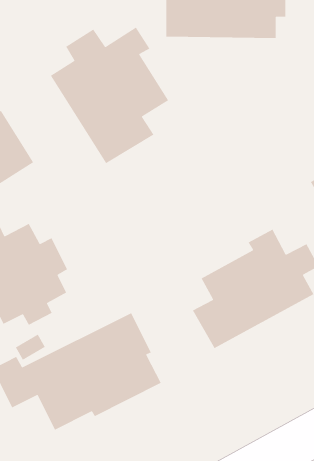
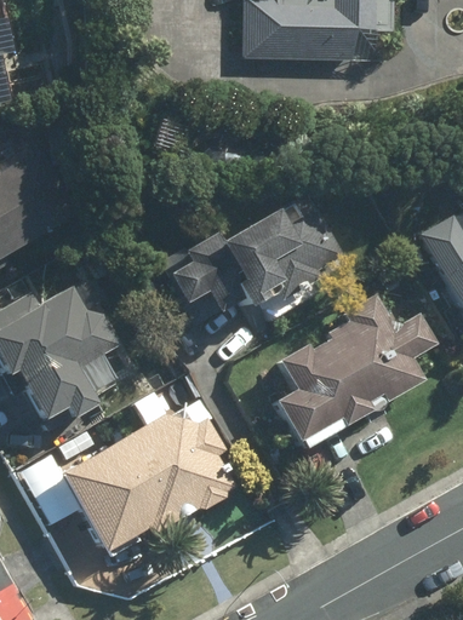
building: [50,27,169,164] -> none
building: none -> [162,205,345,326]

